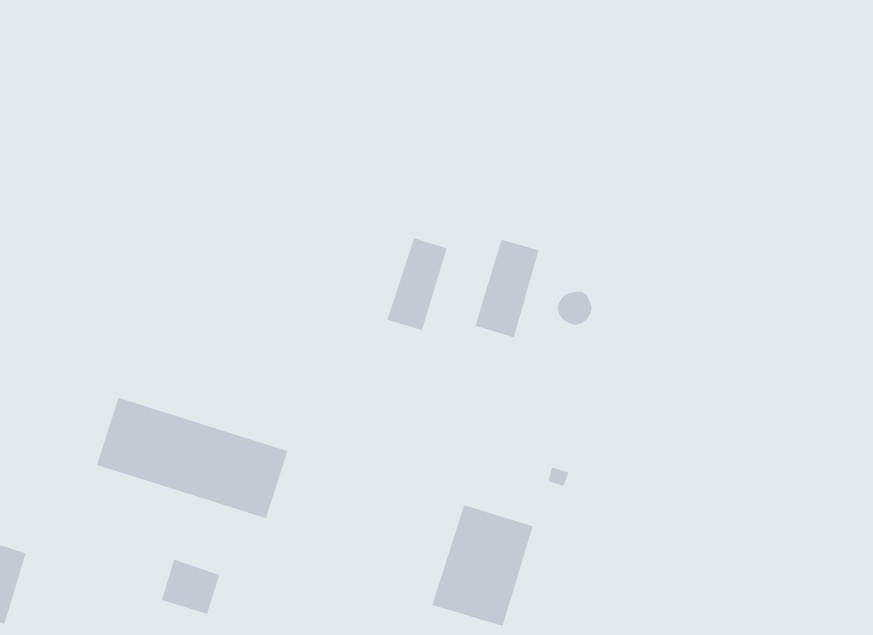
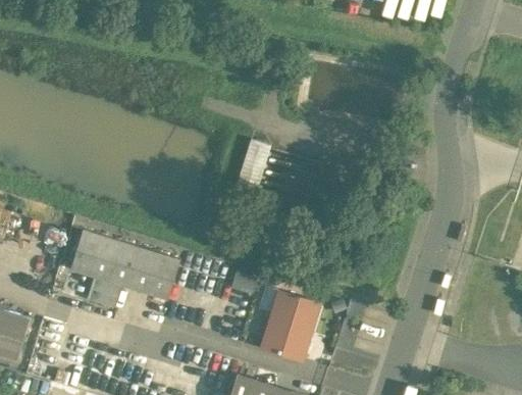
building: [475,239,539,338] -> none
building: [161,559,220,614] -> [87,277,120,308]

